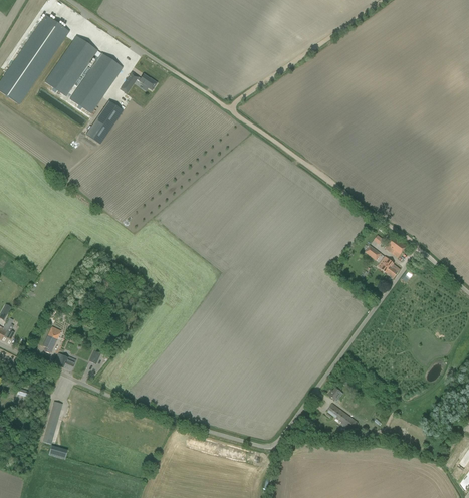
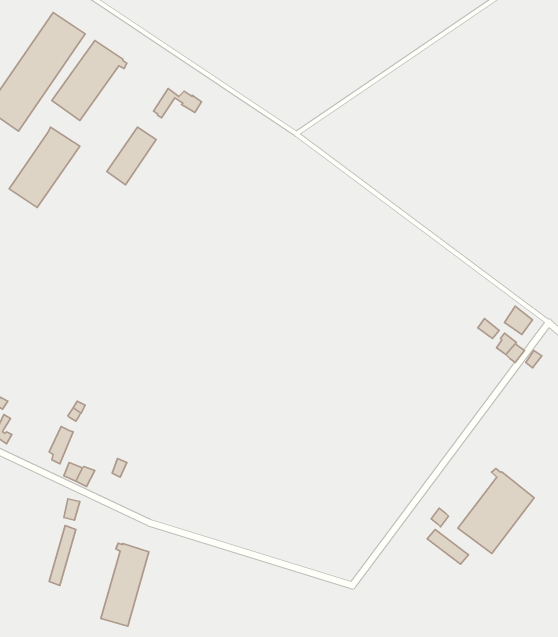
building: [69,52,123,112] -> [9,127,80,207]
building: none -> [458,468,534,554]
building: none -> [101,543,149,626]

